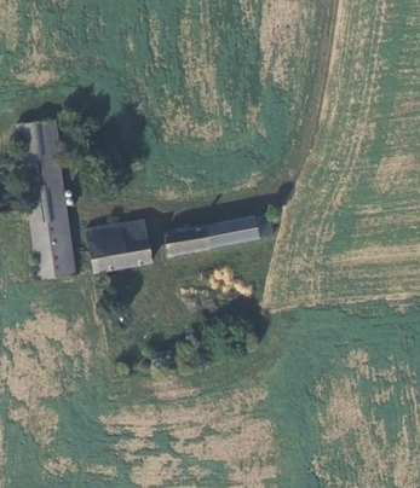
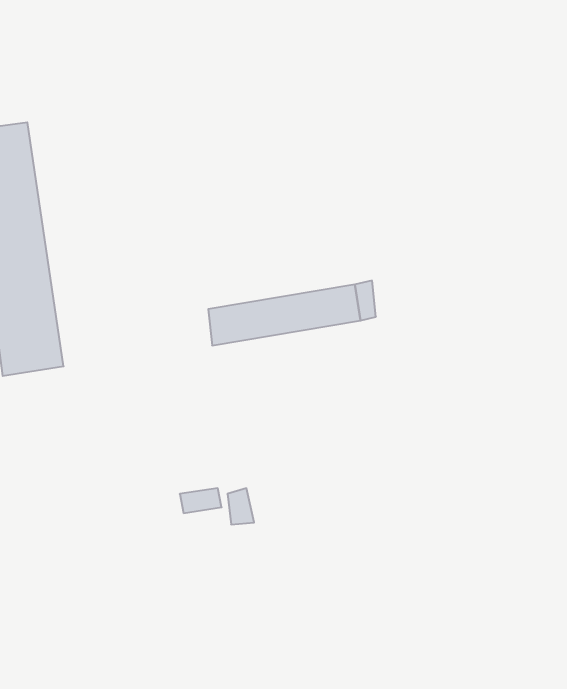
building: [87,219,156,269] -> none

